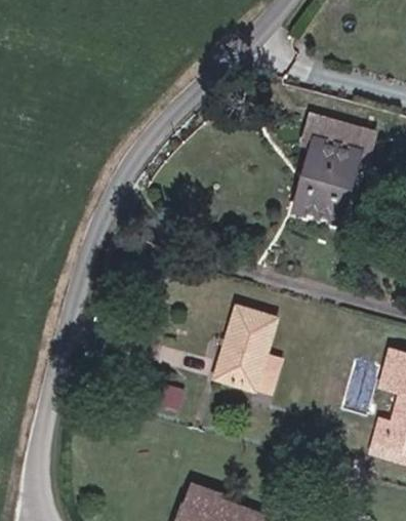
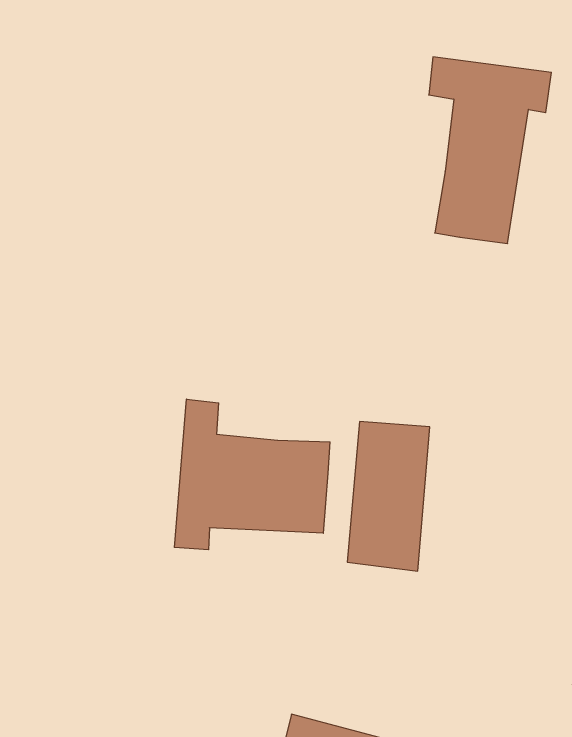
building: none -> [174,399,330,550]

